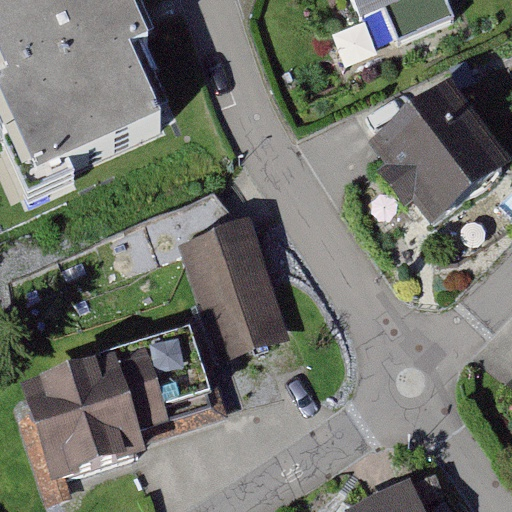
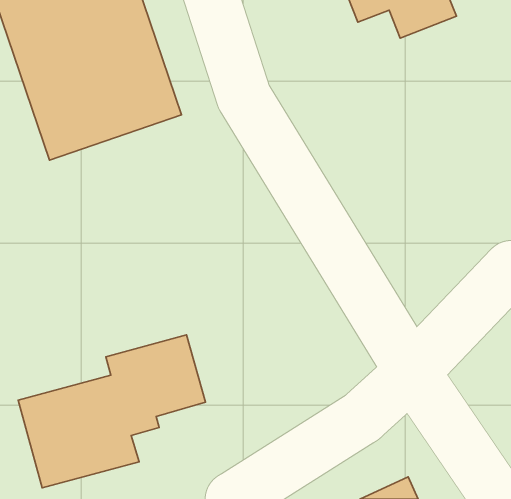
building: [362,92,496,224] -> none
building: [180,225,282,360] -> none

